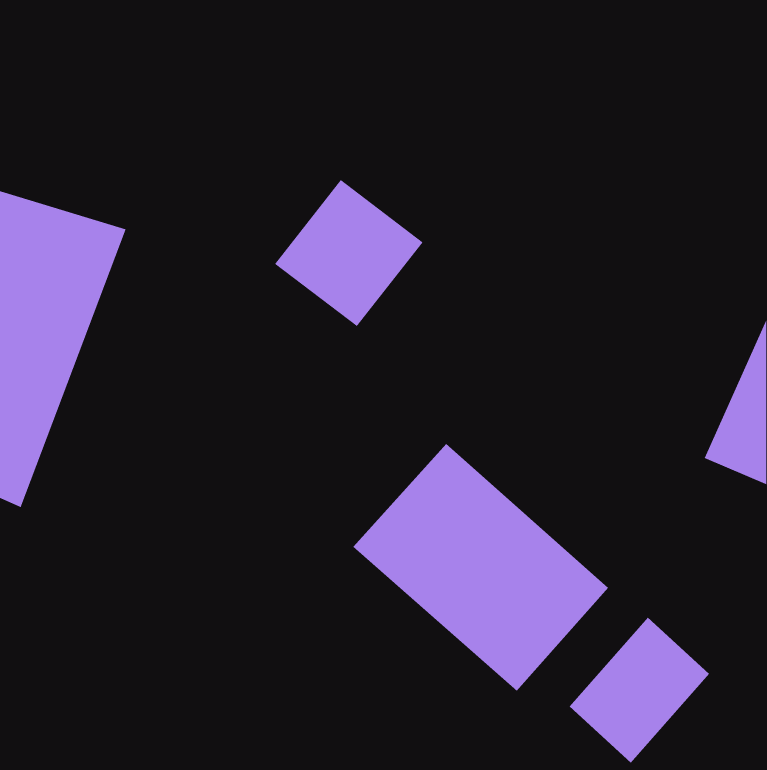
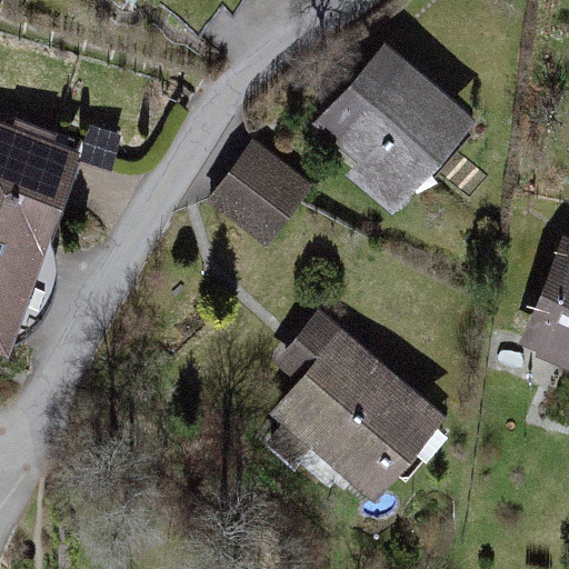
building: none -> [316,42,473,199]
building: [569,617,710,763] -> none

